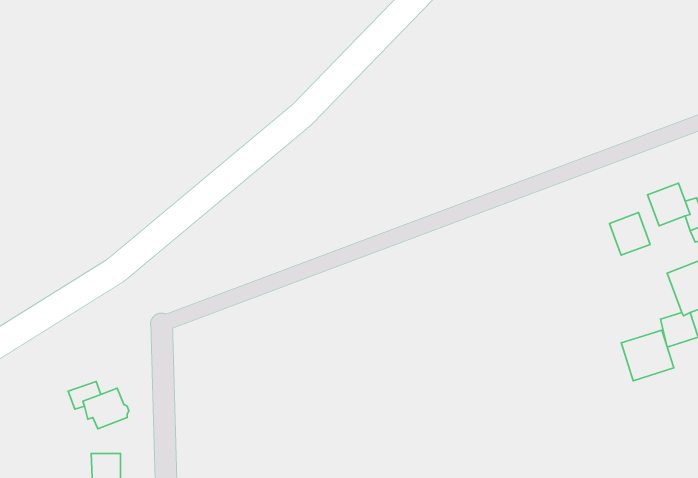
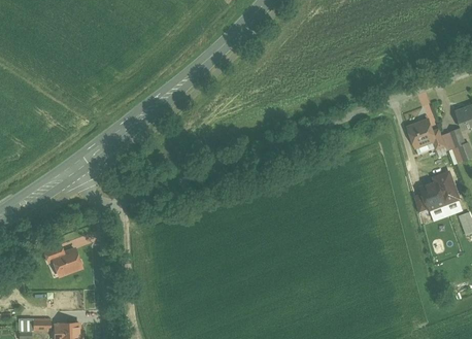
building: [609,213,650,255] -> none
building: [621,330,674,381] -> none

